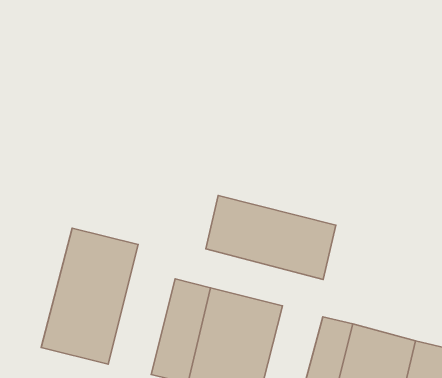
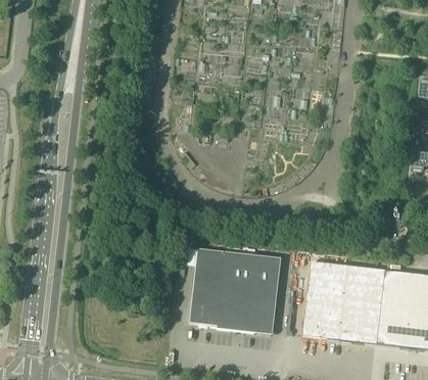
building: [206,195,336,280] -> none
building: [41,228,138,364] -> none

